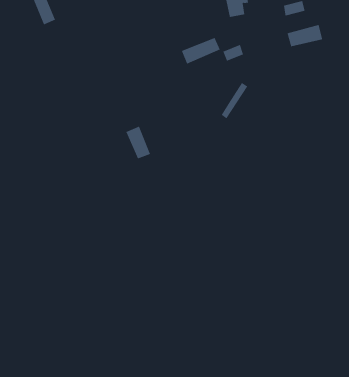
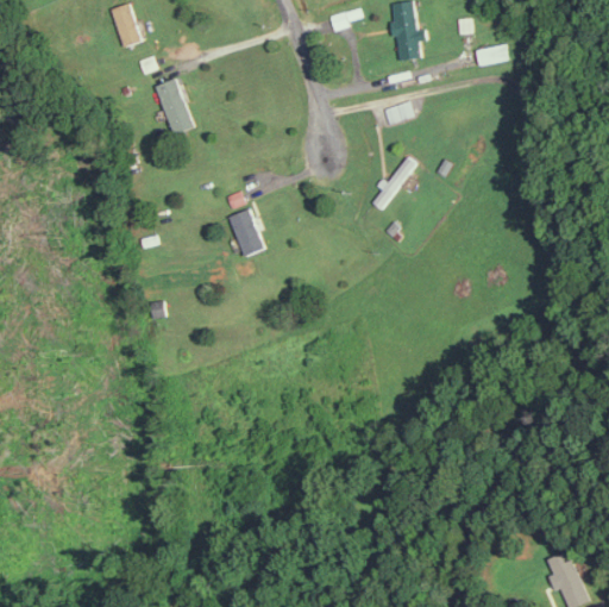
building: [287,24,323,47] -> none
building: [181,37,221,65] -> none
building: none -> [156,79,195,136]

